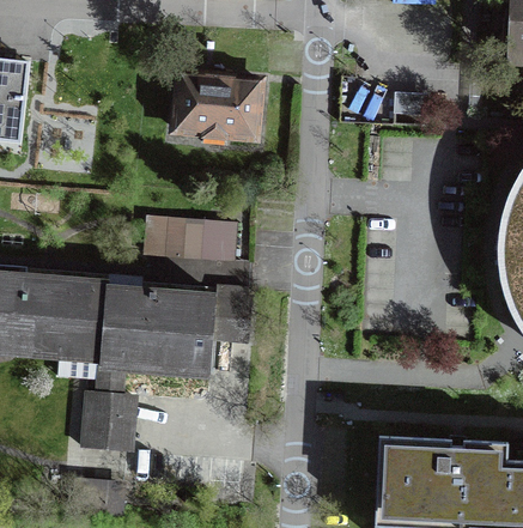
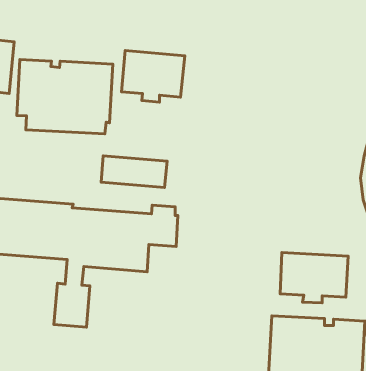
building: none -> [17,60,113,134]
building: none -> [280,253,348,303]

